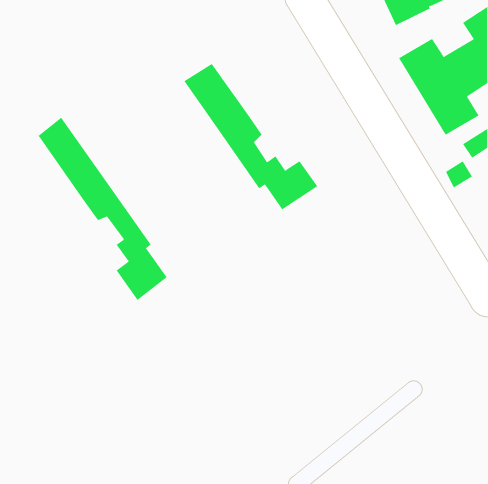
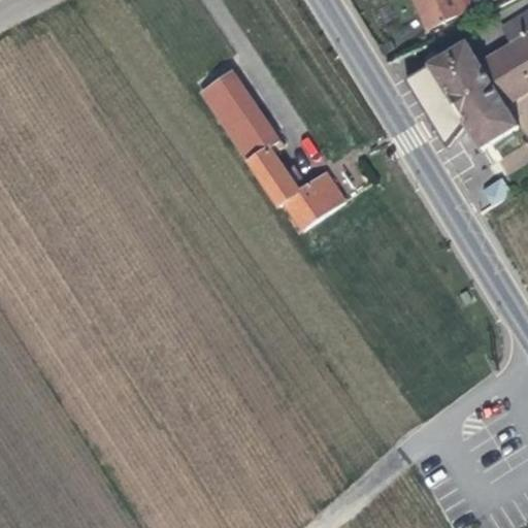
building: [38,117,168,301] -> none

